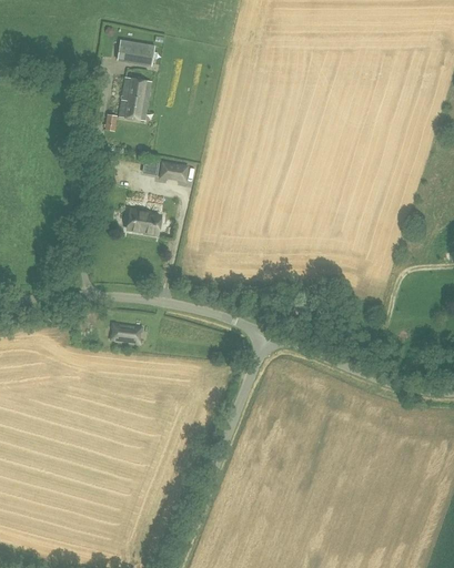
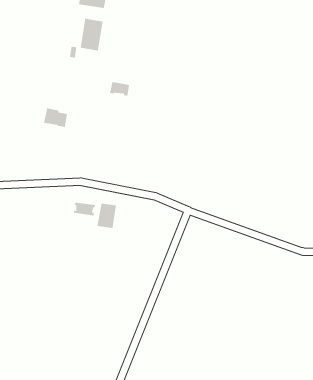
building: [125,207,159,234] -> [43,108,68,128]
building: none -> [97,203,116,229]

